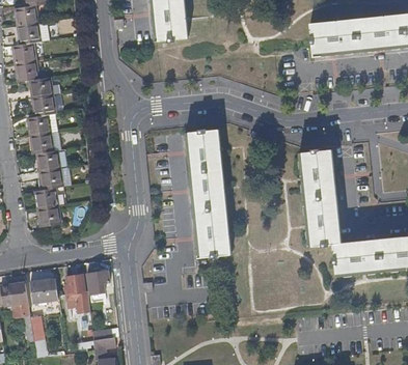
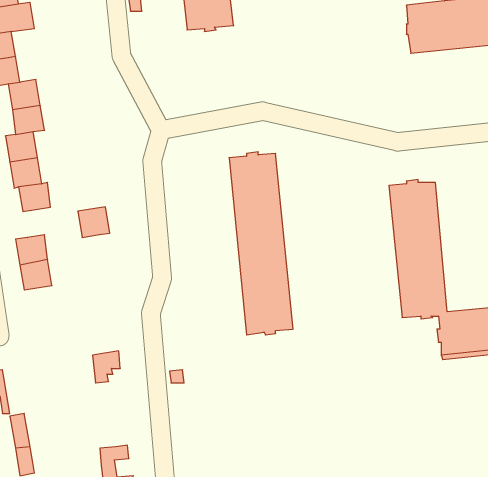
building: [38,166,61,188] -> [78,207,110,237]
building: [65,273,90,312] -> none
building: [29,278,57,303] -> none

